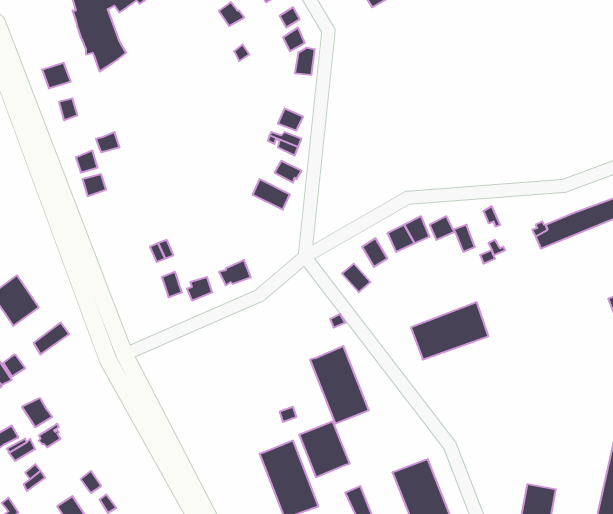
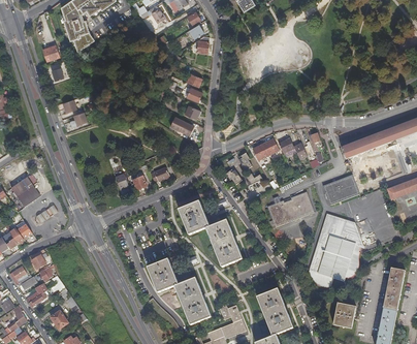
building: none -> [323,176,360,206]
building: none -> [178,200,210,234]
building: none -> [309,214,357,283]
building: [299,421,350,477] -> [147,258,178,292]

